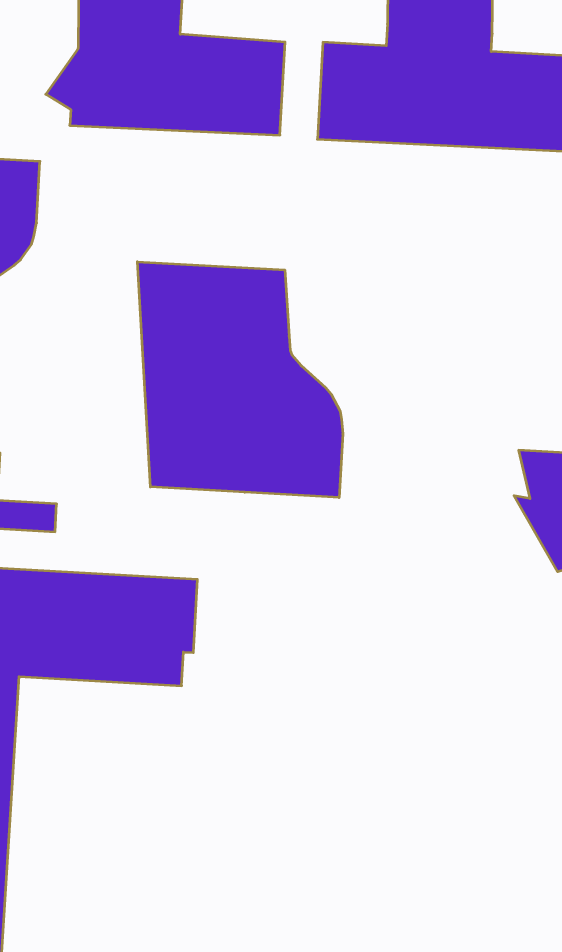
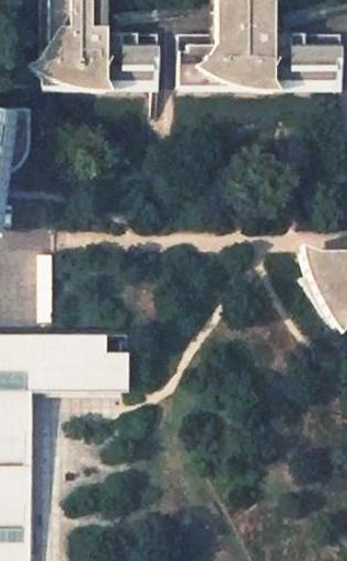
building: [137,262,343,498] -> none

